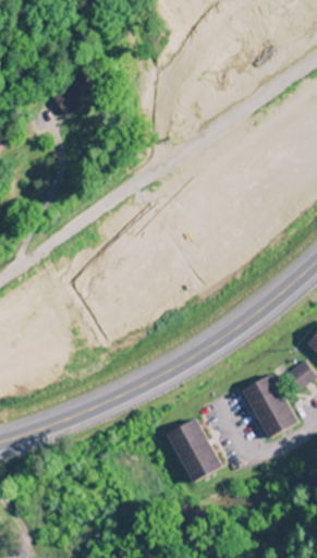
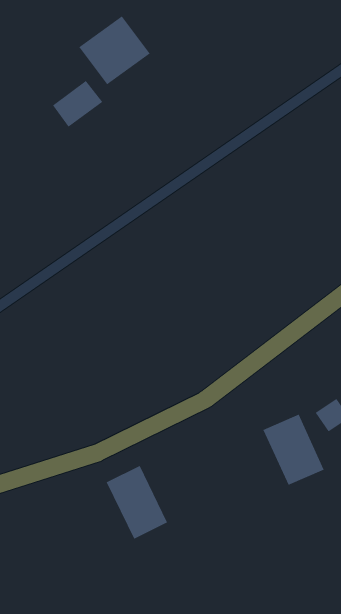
building: none -> [78,16,150,85]
building: [166,416,221,483] -> [106,465,168,539]

